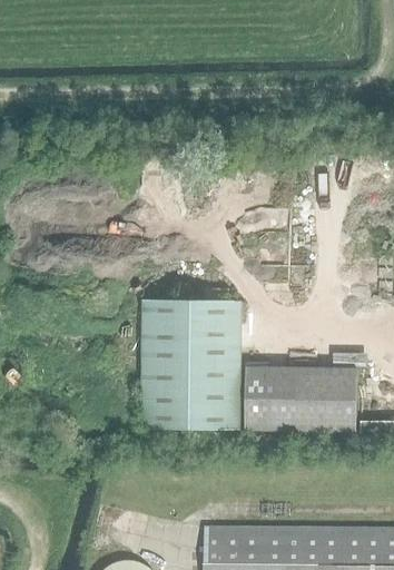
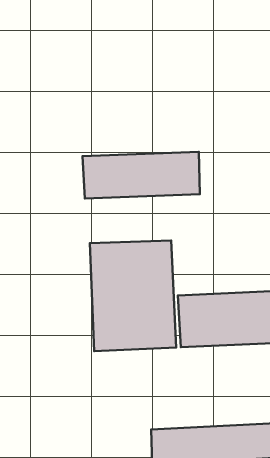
building: none -> [83,152,200,199]

